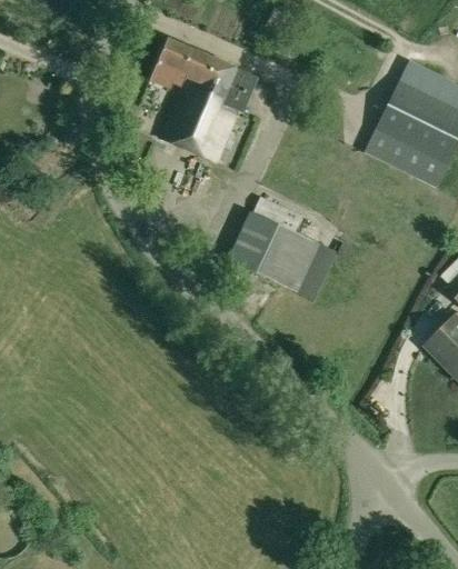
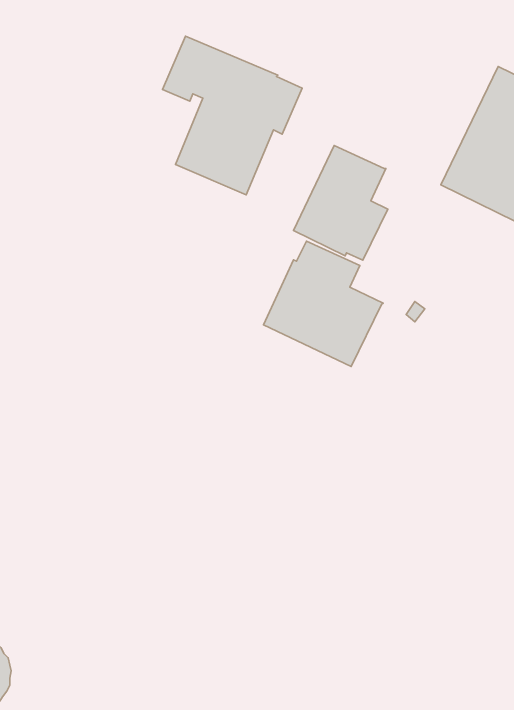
building: none -> [294,145,388,260]
building: [296,244,336,300] -> none

